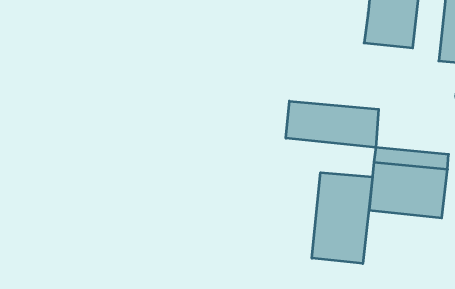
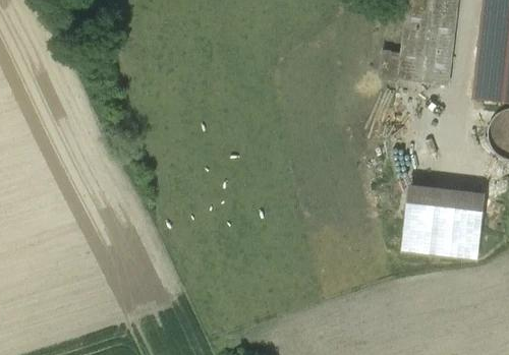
building: [286,101,379,147] -> none
building: [312,173,372,264] -> none

